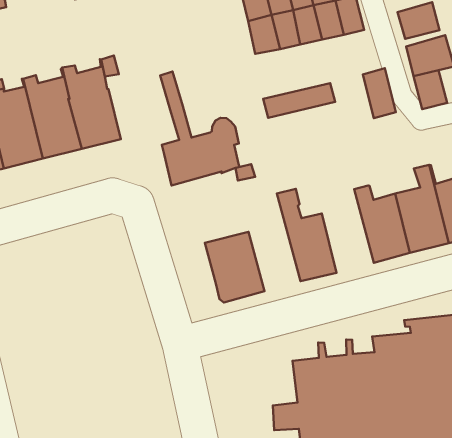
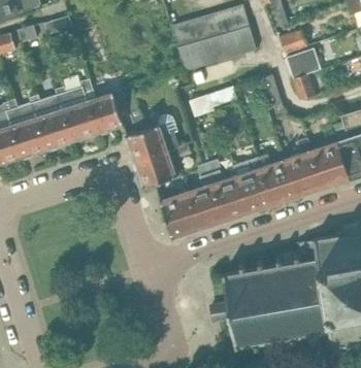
building: none -> [88,93,124,134]
building: none -> [134,152,175,189]
building: none -> [233,158,273,214]
building: none -> [183,164,225,230]

